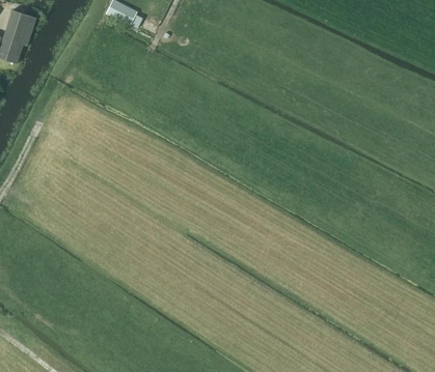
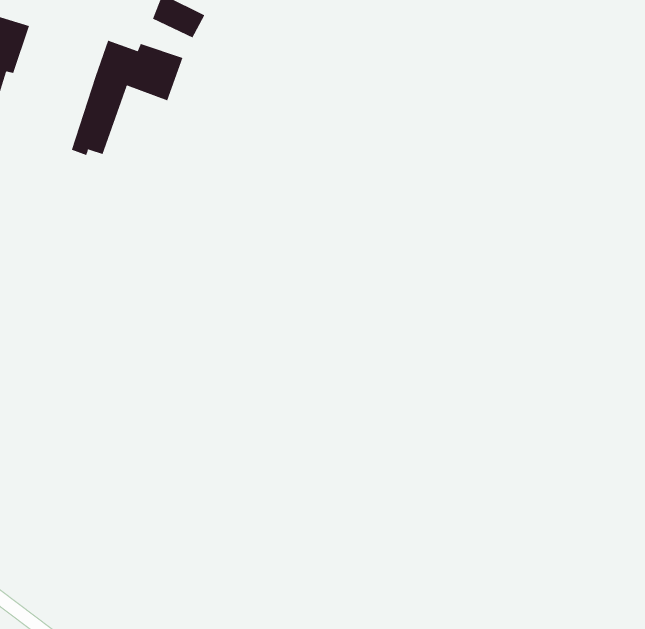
building: none -> [71,40,183,156]

